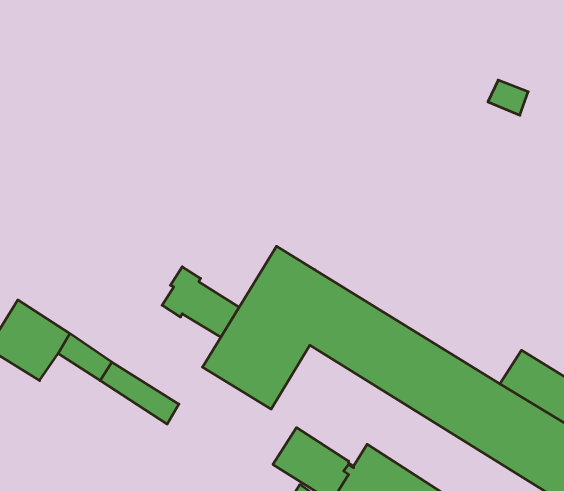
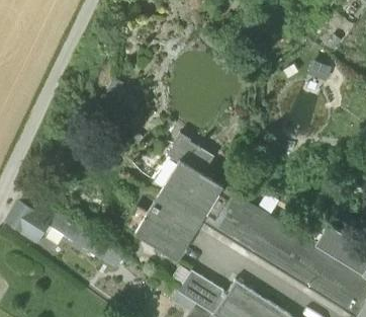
building: [162,267,239,337] -> [168,132,214,174]

